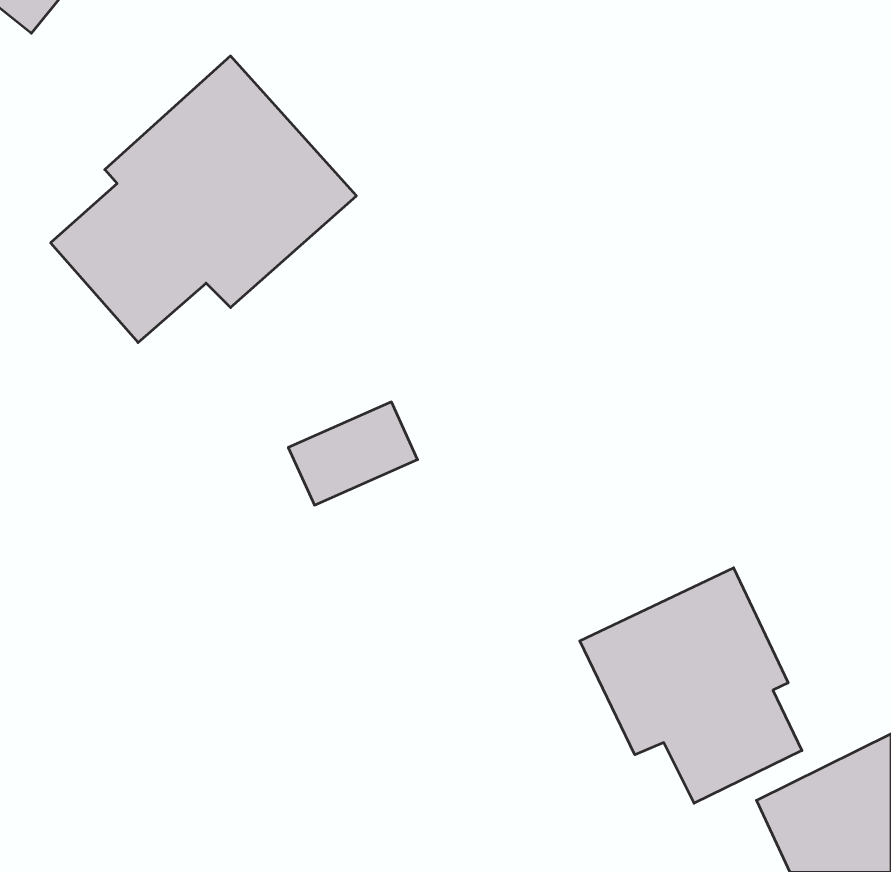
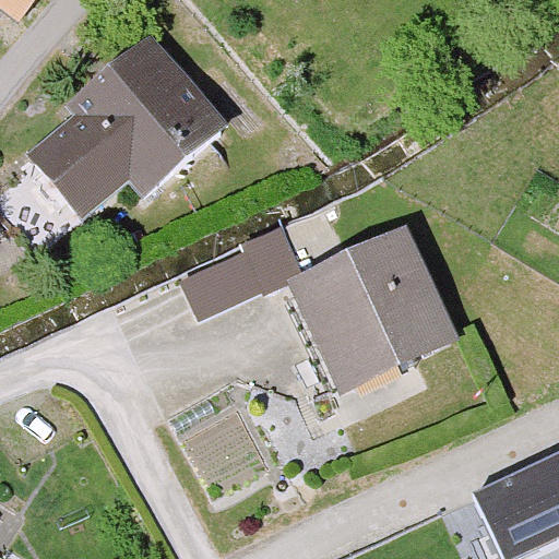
building: none -> [294,228,457,388]
building: [580,568,802,803] -> none

